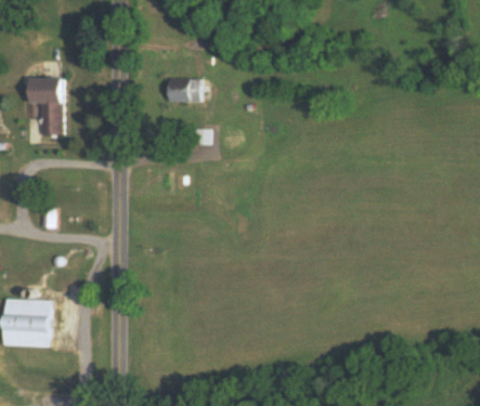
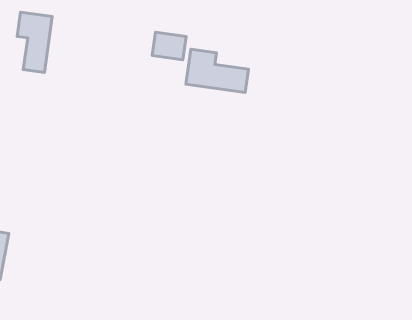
building: none -> [186,49,248,92]

